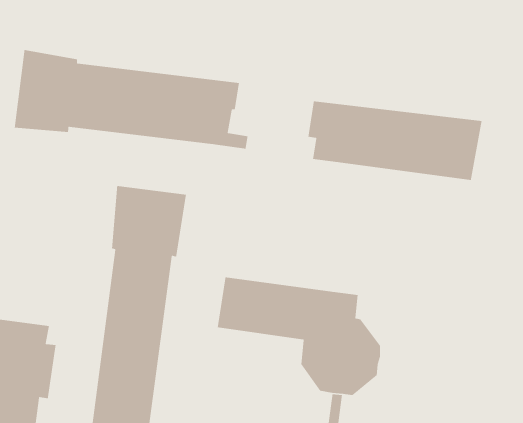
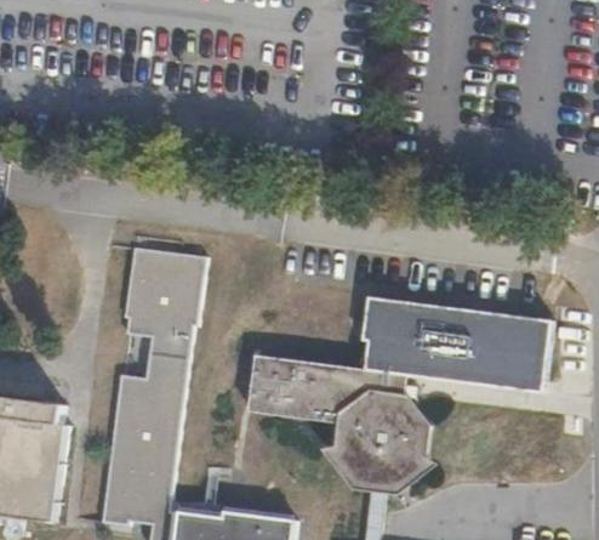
building: [14,49,248,149] -> none
building: [308,101,483,181] -> [364,302,554,390]

